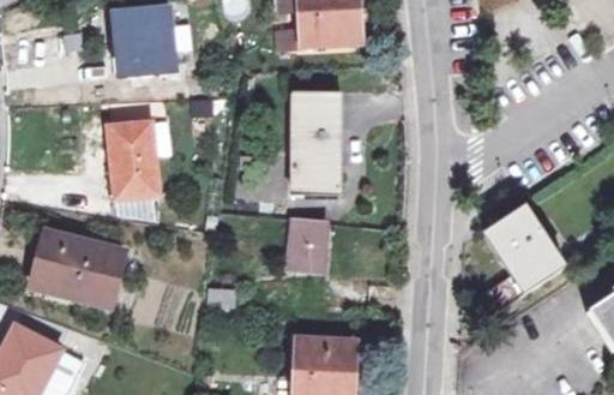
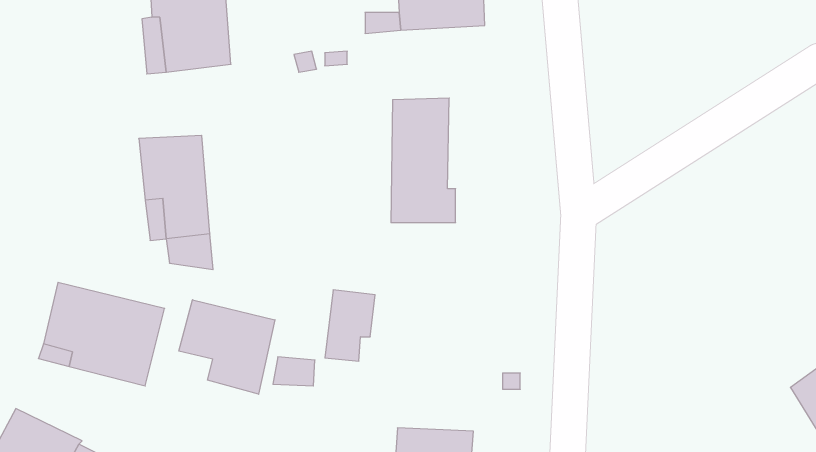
building: [482,203,566,307] -> none
building: [289,216,326,269] -> [325,290,375,361]
building: none -> [179,300,275,394]

